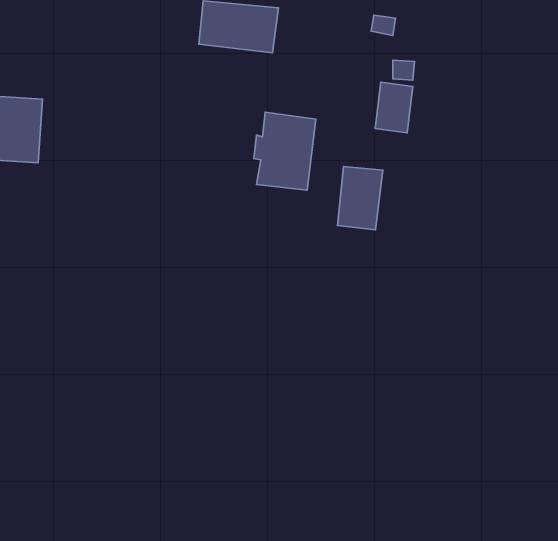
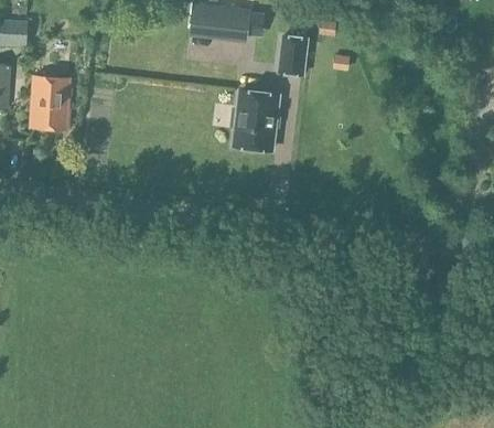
building: [375,82,413,133] -> [279,34,308,73]
building: [337,166,383,230] -> none

